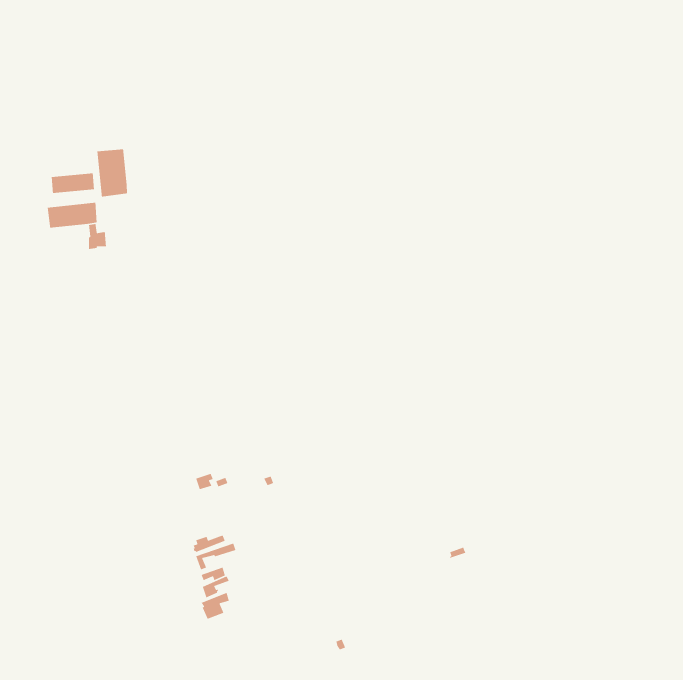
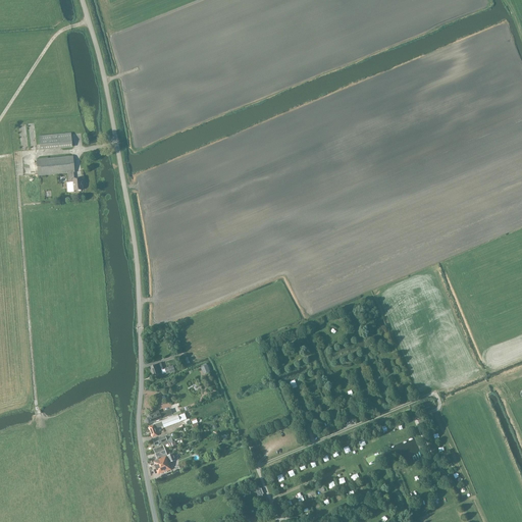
building: [97,148,128,197] -> none

